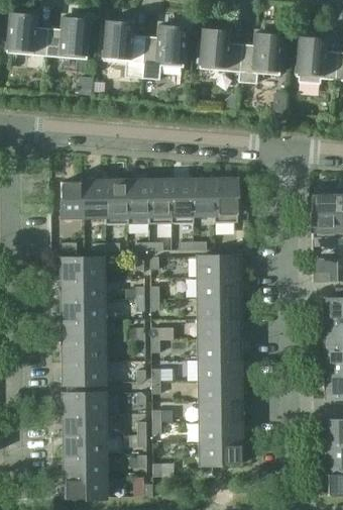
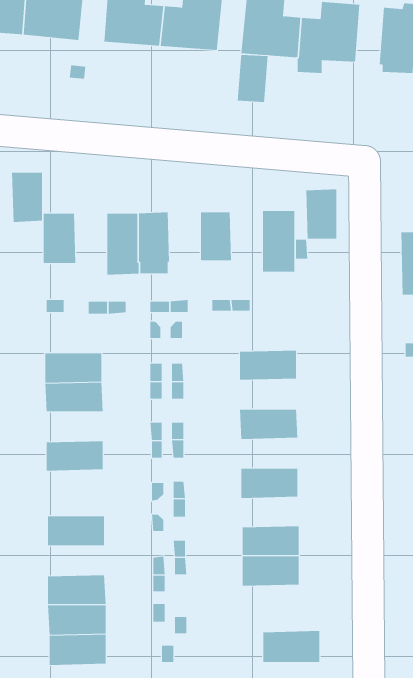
building: none -> [237,54,268,103]
building: [192,179,214,214] -> [305,189,337,239]
building: [148,180,172,223] -> none
building: [83,181,105,216] -> [11,172,43,222]
building: [198,256,238,278] -> none
building: [62,258,102,279] -> none
building: [198,297,238,318] -> none
building: [63,320,103,341] -> none
building: [199,338,239,360] -> none
building: [63,361,104,383] -> none
building: [199,380,240,401] -> none
building: [64,414,104,435] -> none
building: [200,441,240,464] -> [263,631,320,662]

